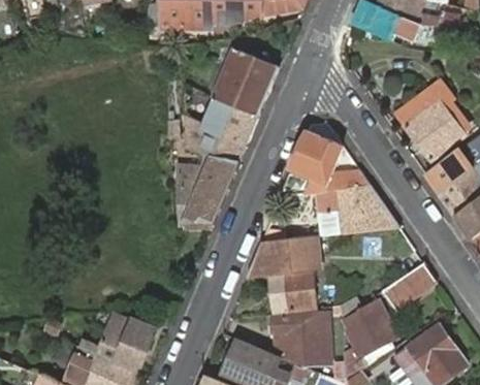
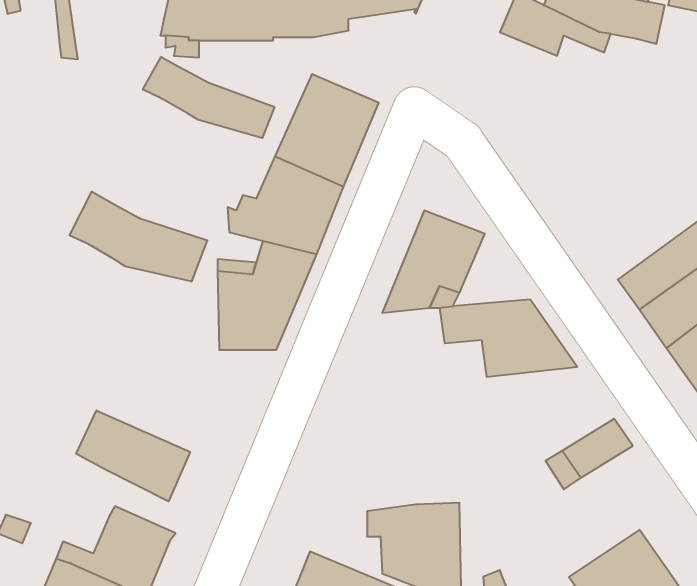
building: none -> [143,57,274,138]
building: [394,77,465,161] -> none
building: none -> [69,192,207,282]
building: [247,236,319,313] -> none
building: none -> [76,410,190,501]
building: [343,301,397,356] -> none

